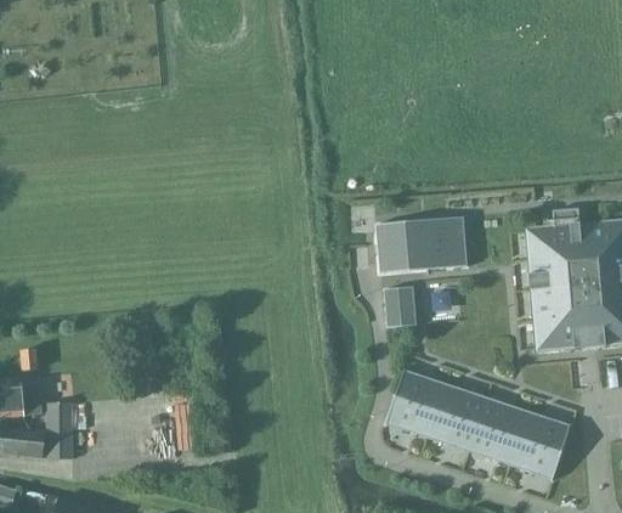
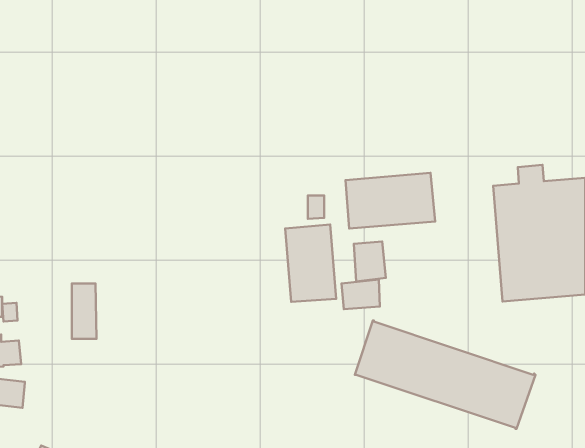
building: none -> [285,224,336,302]
building: none -> [342,280,380,309]
building: [46,402,72,460] -> [72,283,97,339]

